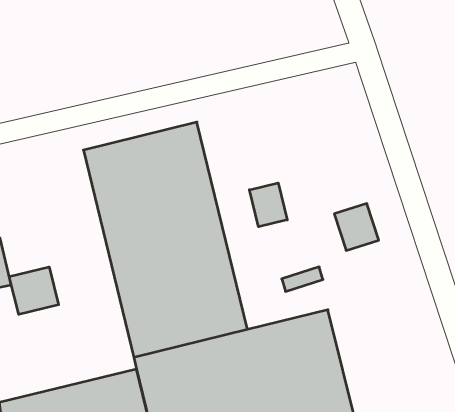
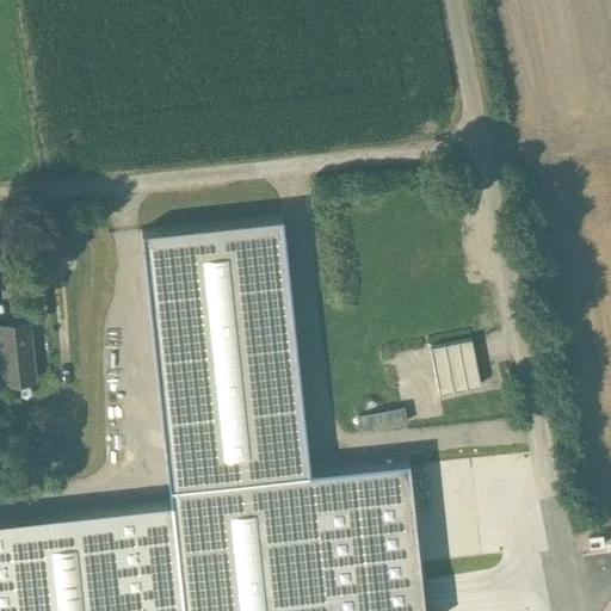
building: [249,183,287,227] -> none
building: [9,267,59,314] -> none

